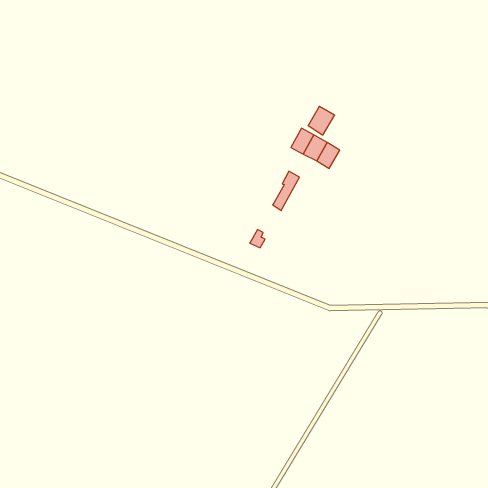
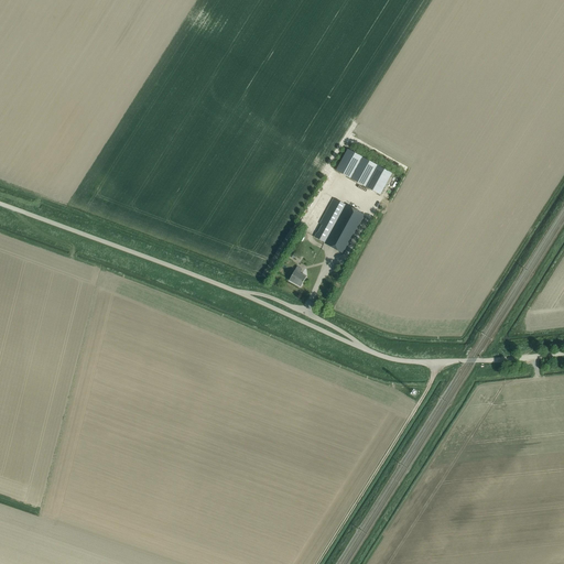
building: [308,106,335,135] -> none
building: none -> [324,204,362,251]

